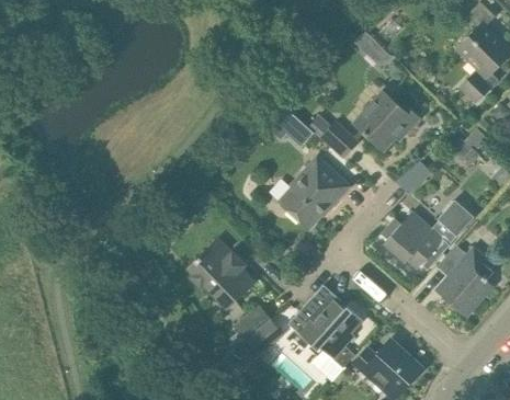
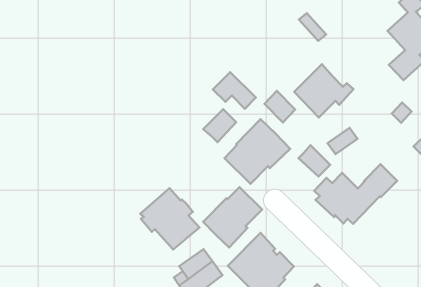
building: none -> [203,109,236,142]
building: none -> [299,145,330,177]
building: none -> [203,187,262,247]
building: [437,247,497,317] -> none

